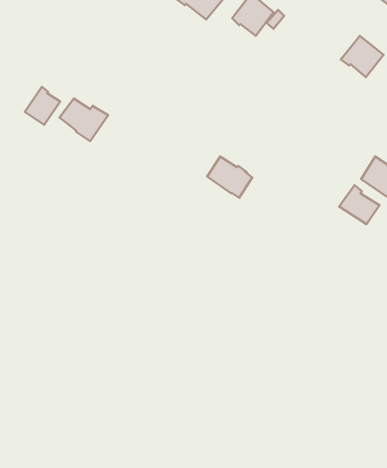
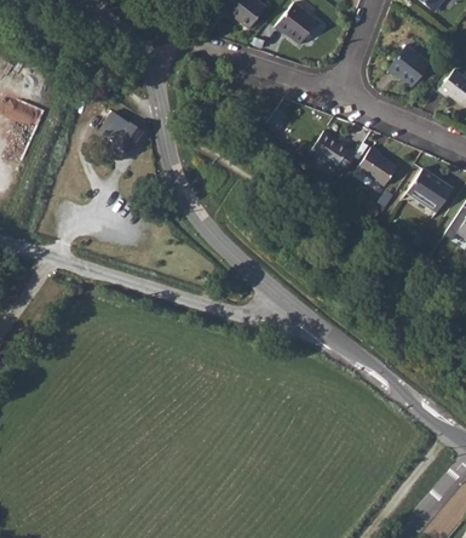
building: [25,87,60,125] -> none
building: [207,156,252,198] -> [311,131,357,173]
building: [339,185,379,224] -> [357,147,398,187]

